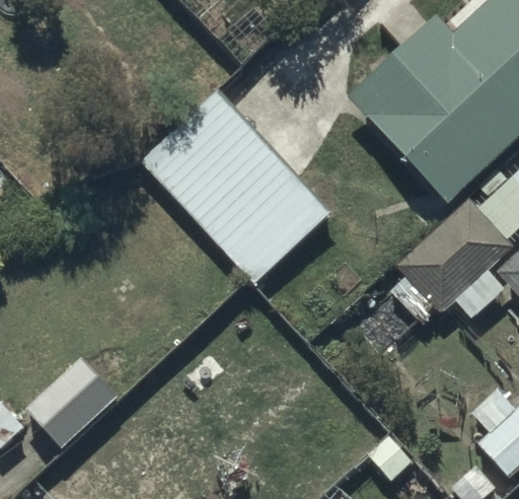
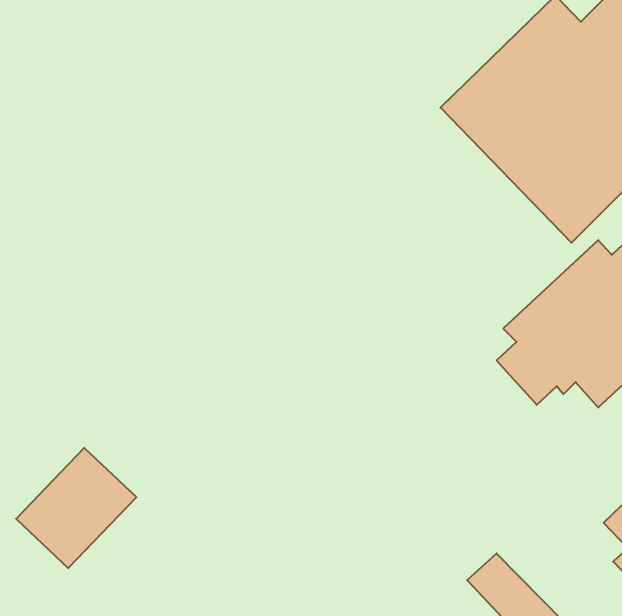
building: [137,90,327,283] -> none

